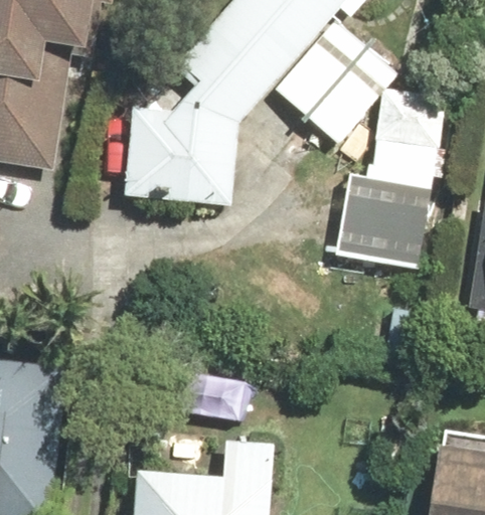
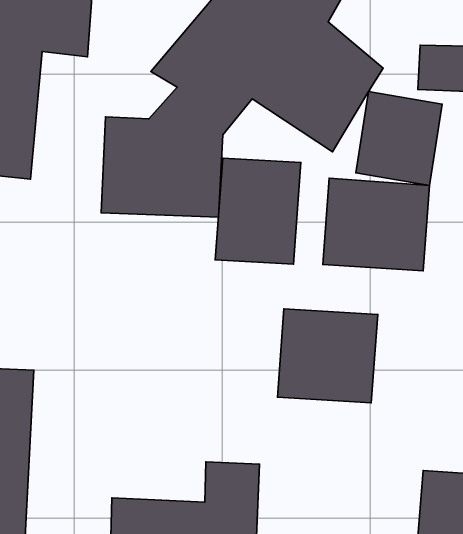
building: none -> [215,158,301,264]
building: none -> [277,309,378,403]

